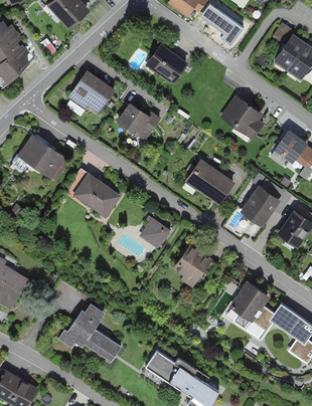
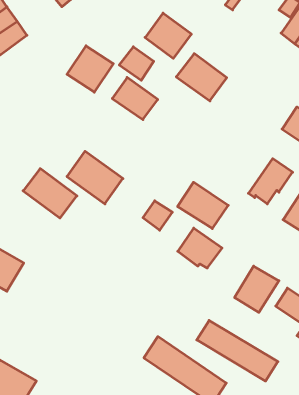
building: none -> [119,47,154,80]
building: [218,94,267,140] -> [176,54,227,101]
building: [17,134,68,181] -> [23,169,77,218]
building: [185,159,233,203] -> [178,182,228,229]
building: [67,301,122,359] -> none
building: none -> [197,320,278,381]

